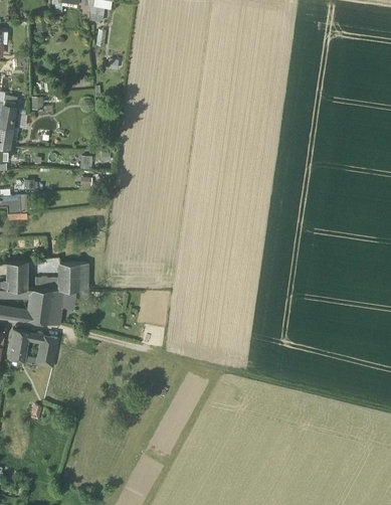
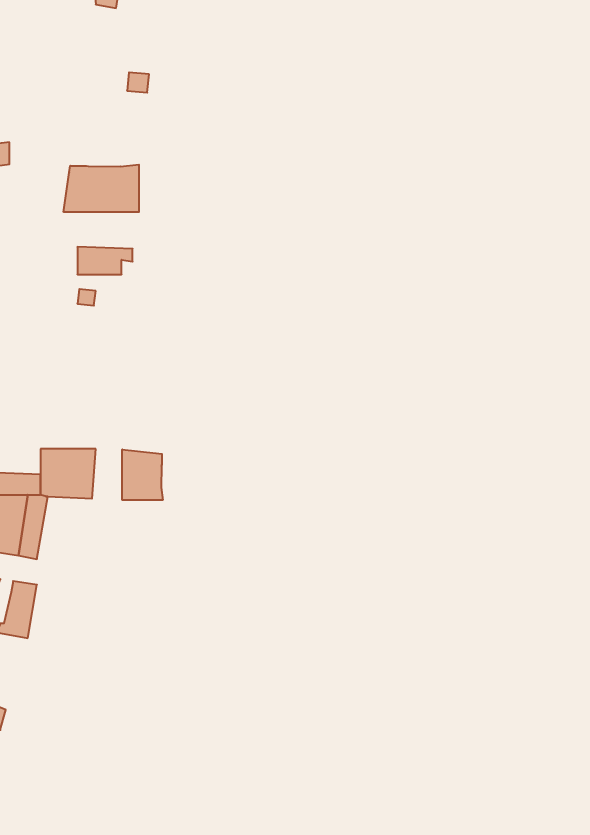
building: none -> [64,165,139,212]
building: none -> [122,449,163,500]

